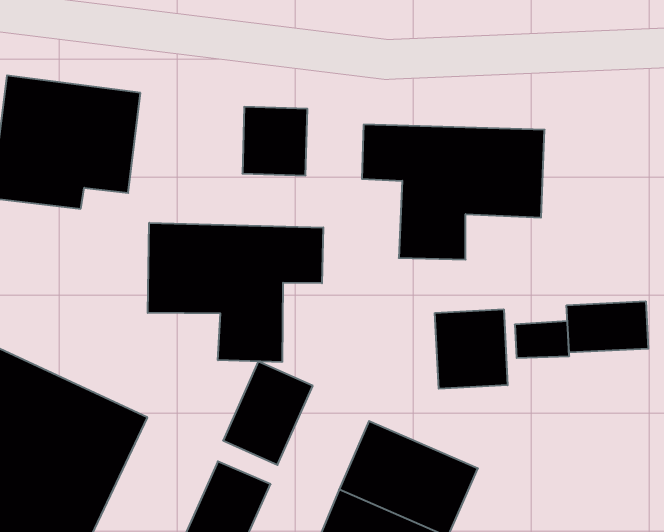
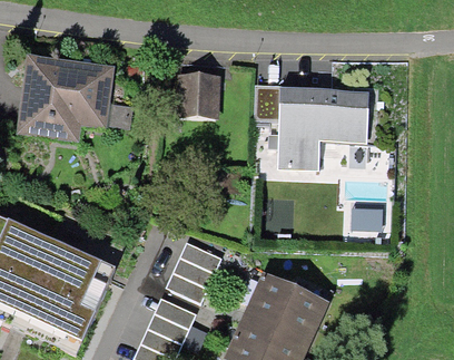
building: [148,223,323,362] -> none
building: [567,301,648,353] -> none
building: [435,309,508,389] -> none

